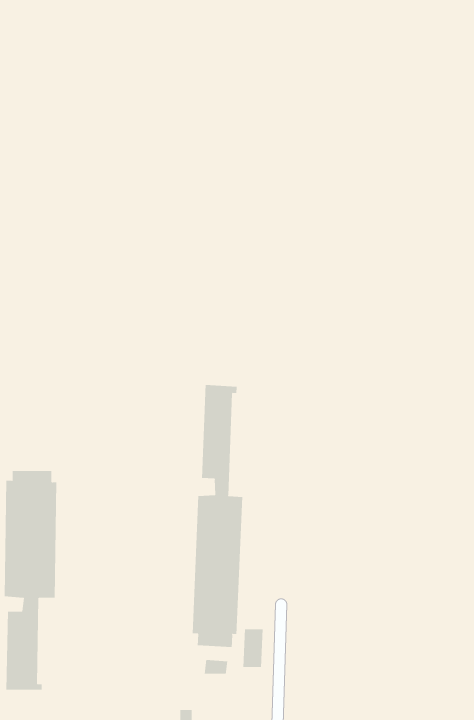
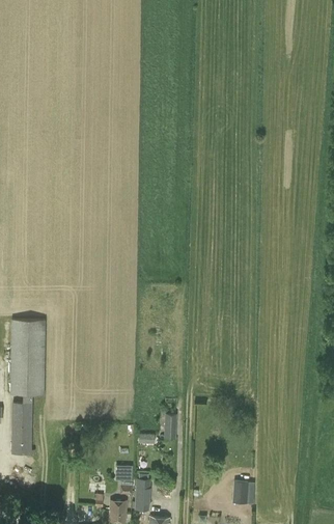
building: [192,384,243,648] -> none

